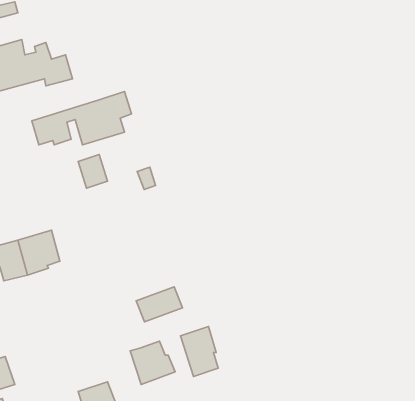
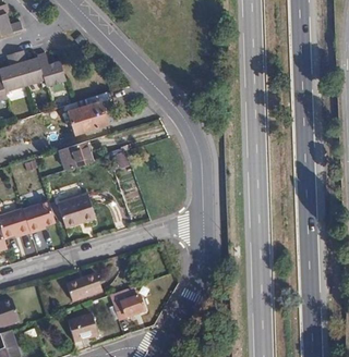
building: none -> [59,195,95,227]
building: [136,287,183,322] -> [67,272,103,299]
building: [180,327,218,377] -> none

